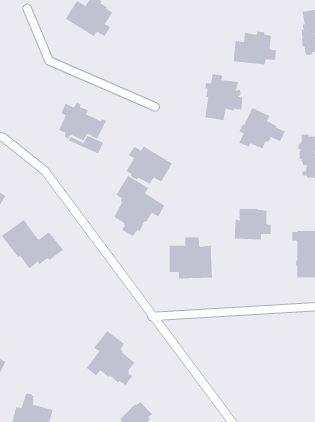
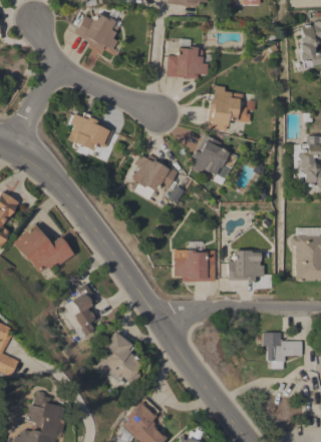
building: [233,31,277,65] -> [167,46,209,78]
building: [239,107,286,149] -> [192,134,237,174]
building: [113,175,165,237] -> none
building: [234,208,271,240] -> [228,251,264,281]
building: none -> [63,284,98,339]
building: none -> [263,332,302,369]

